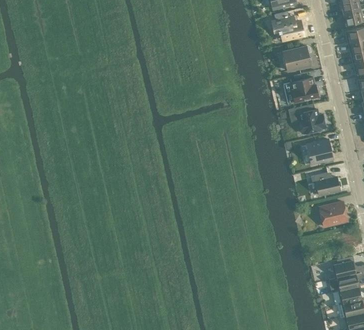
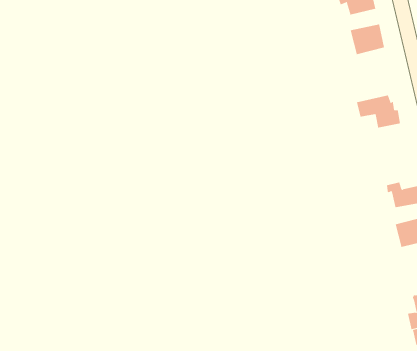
building: [284,78,320,104] -> none
building: [309,141,333,163] -> none

